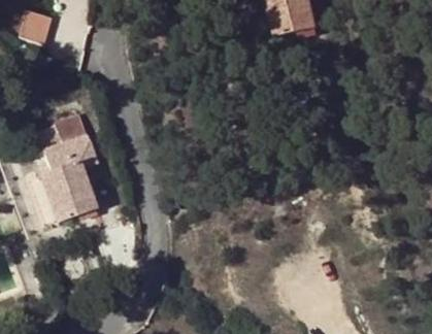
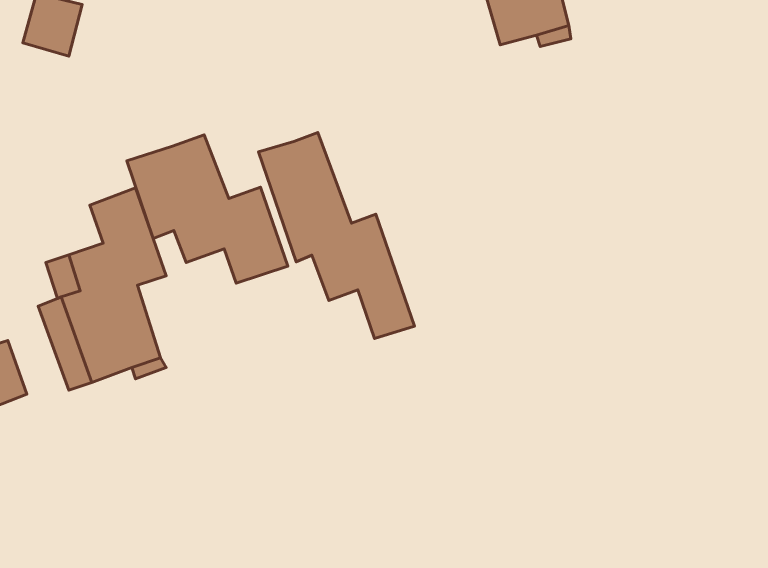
building: none -> [259,132,415,338]
building: none -> [127,135,288,283]

